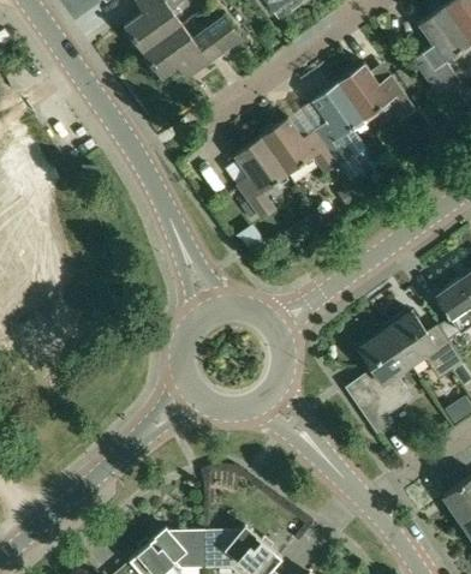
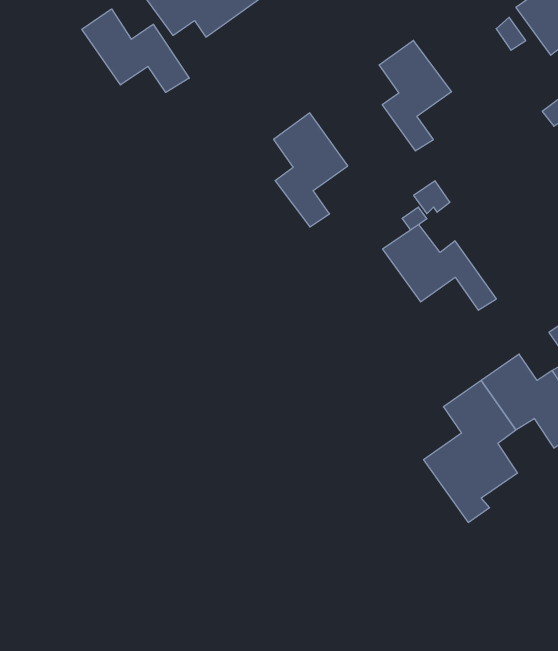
building: none -> [82,9,189,92]
building: [336,62,416,120] -> none
building: [261,118,344,180] -> [383,224,496,310]

